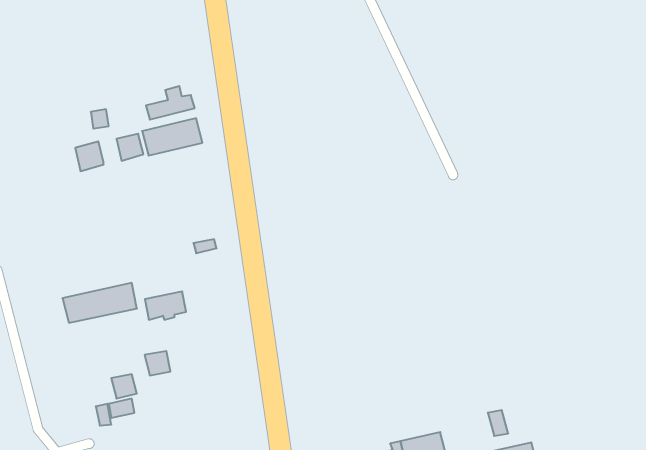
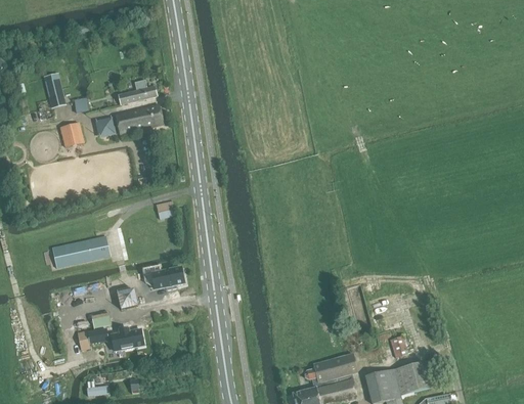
building: none -> [43,74,66,107]
building: [145,291,186,320] -> [151,267,184,289]
building: none -> [111,327,144,351]

